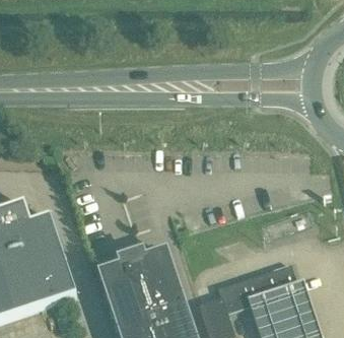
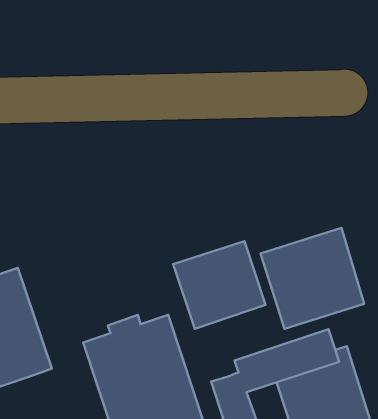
building: none -> [261,228,364,329]
building: none -> [173,241,265,329]

